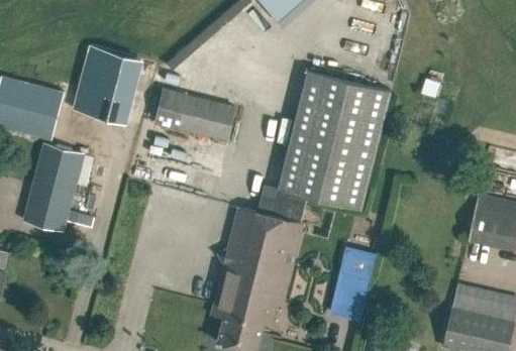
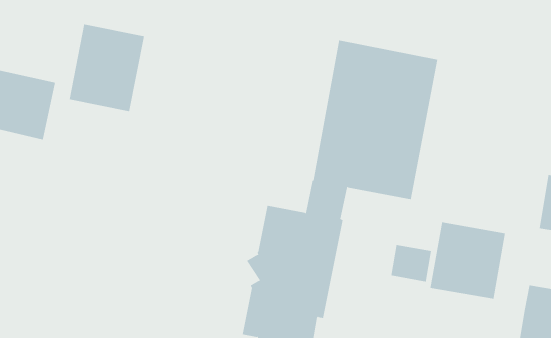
building: [152,88,235,141] -> none
building: [21,143,83,232] -> none
building: none -> [430,221,506,300]

